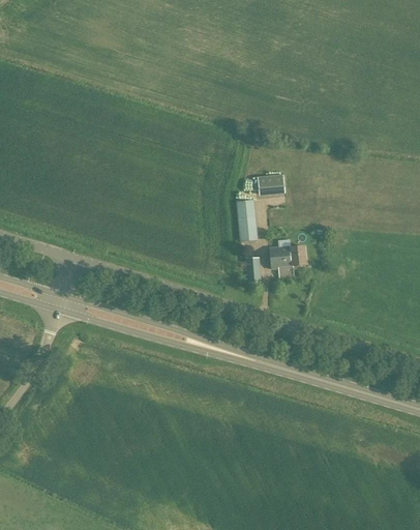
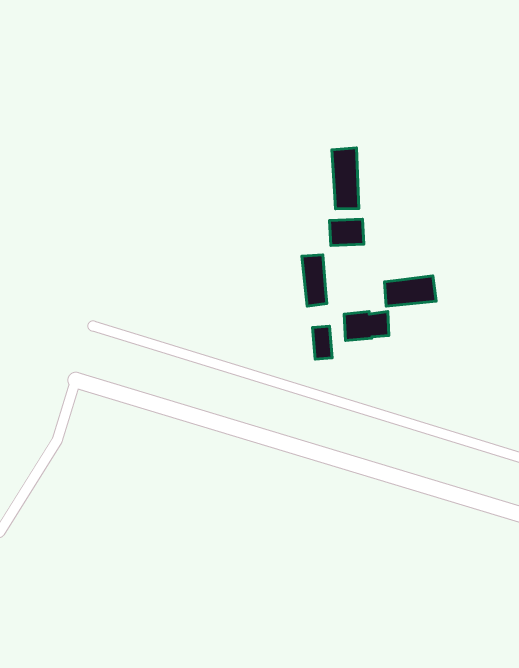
building: none -> [332,148,359,209]
building: none -> [384,276,436,306]

